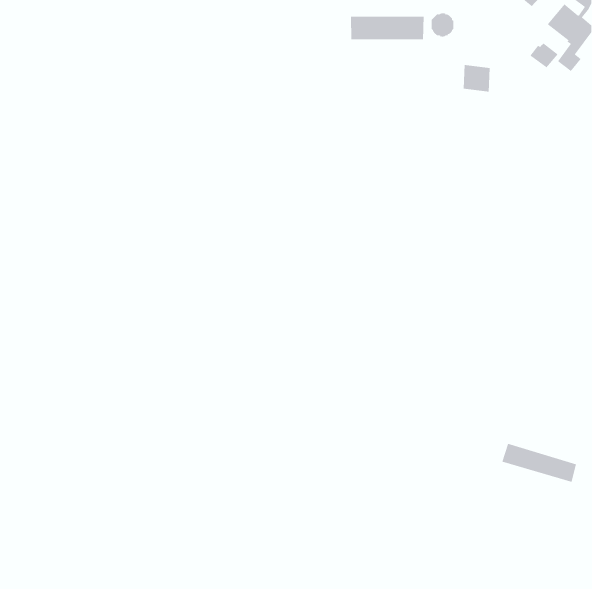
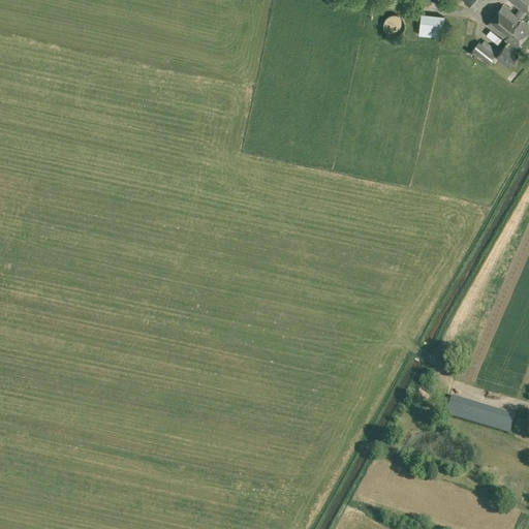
building: [350,16,424,40] -> none
building: [463,65,491,92] -> [418,10,443,35]

